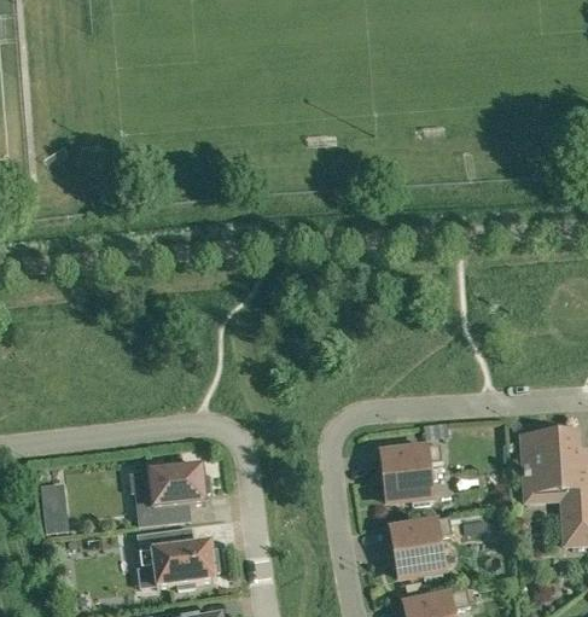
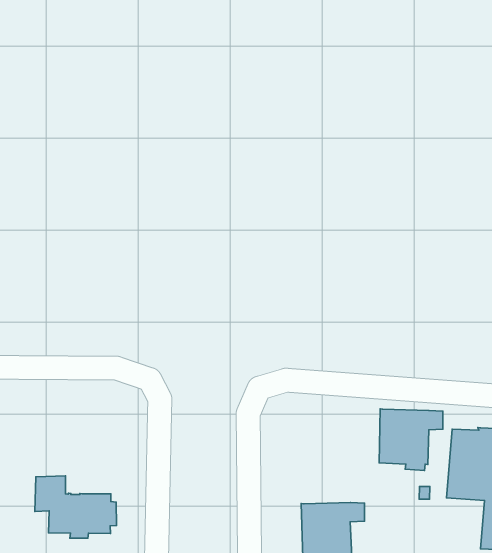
building: [379,442,441,501] -> [379,409,443,470]
building: [134,460,209,524] -> none

